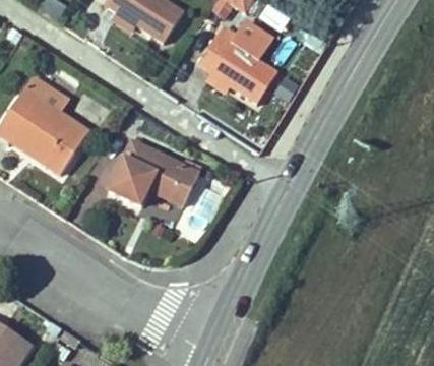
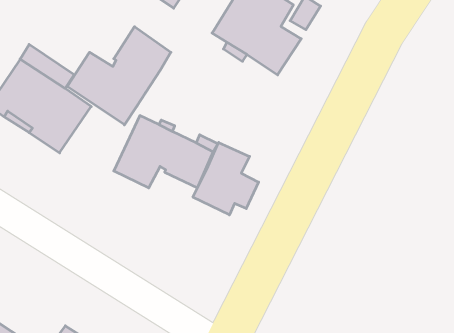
building: none -> [67,27,171,125]
building: none -> [193,142,259,215]

